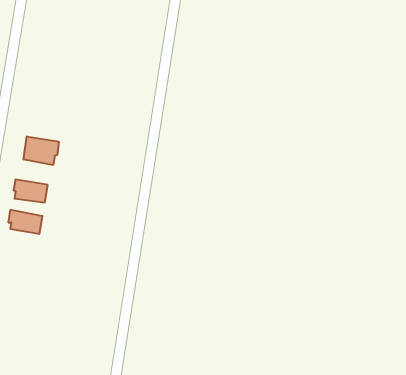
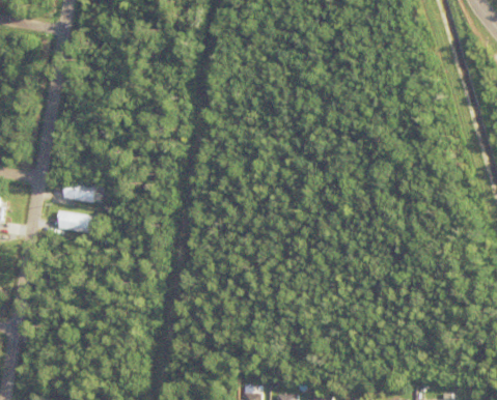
building: [23,136,59,165] -> none

